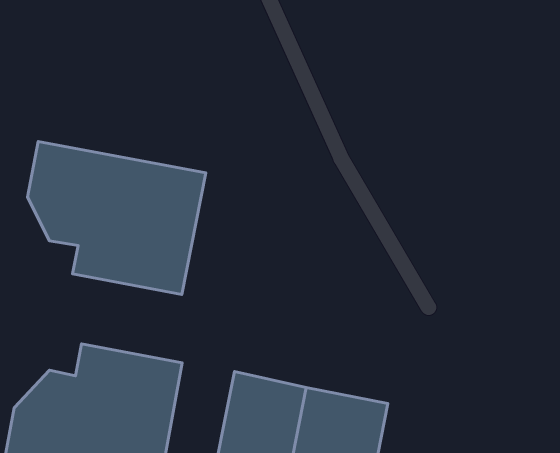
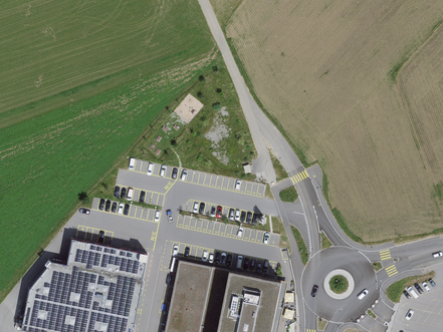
building: [27,141,206,294] -> none

